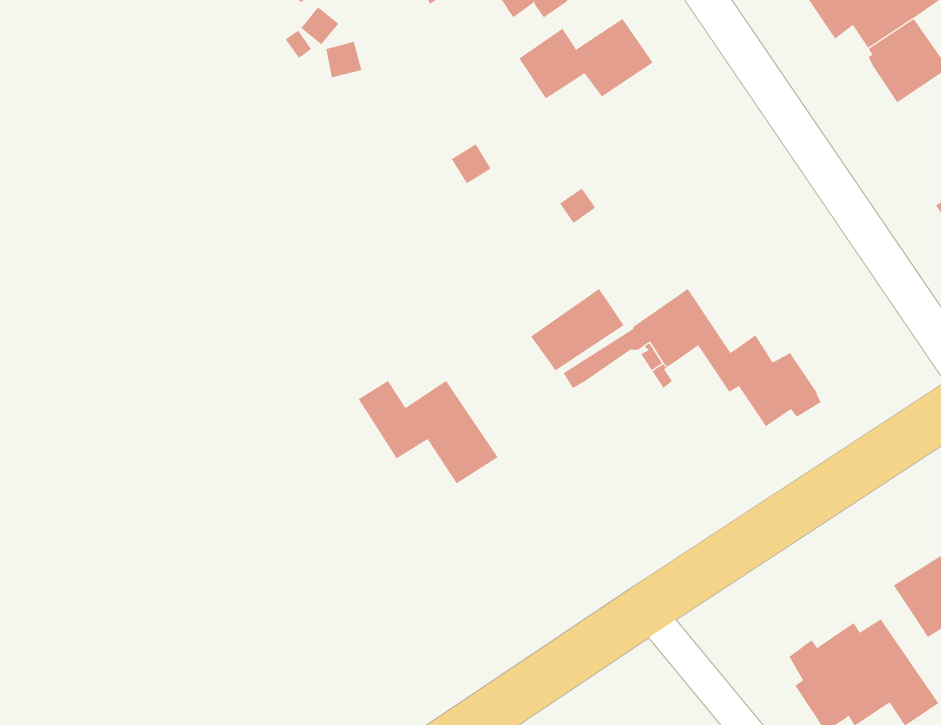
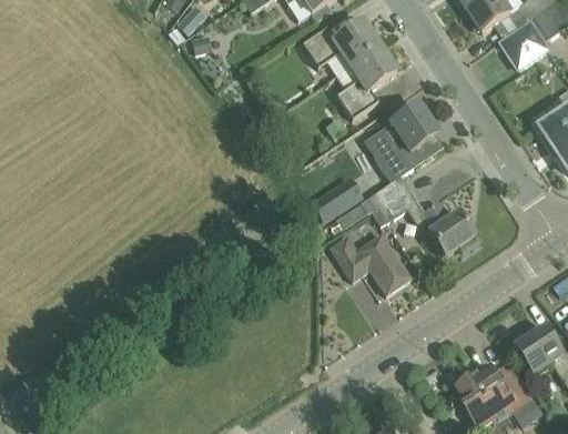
building: none -> [336,43,396,115]
building: none -> [374,102,437,179]
building: [358,380,499,484] -> [329,232,410,292]

